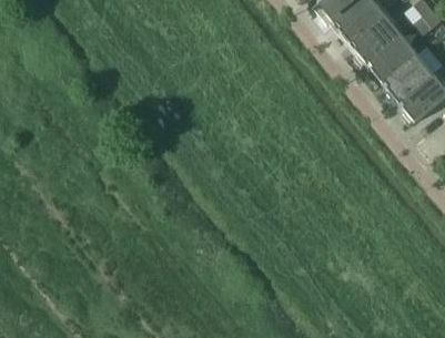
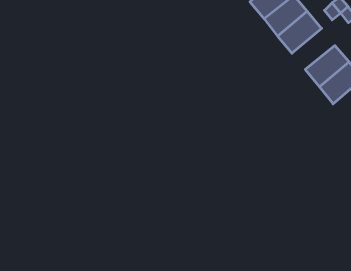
building: [367,34,417,82] -> none

